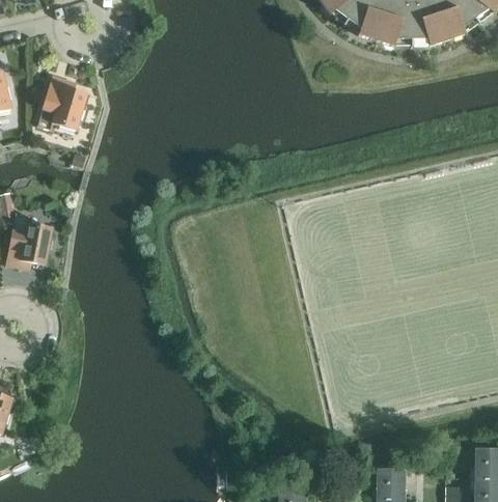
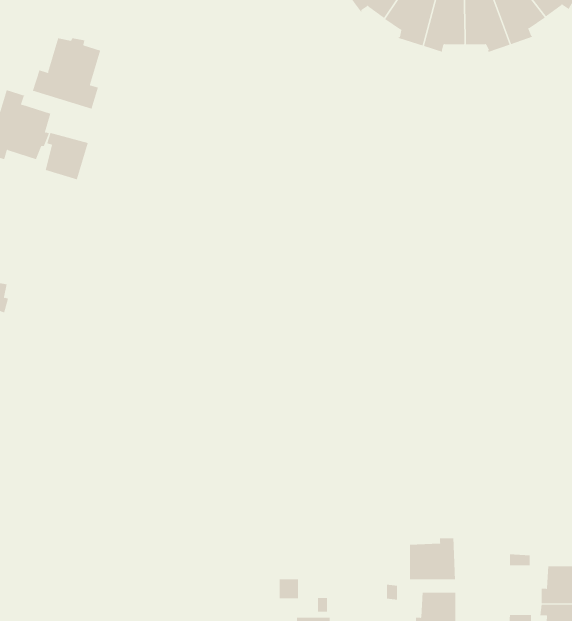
building: none -> [32,37,101,109]
building: none -> [45,132,89,180]
building: none -> [409,537,455,580]

